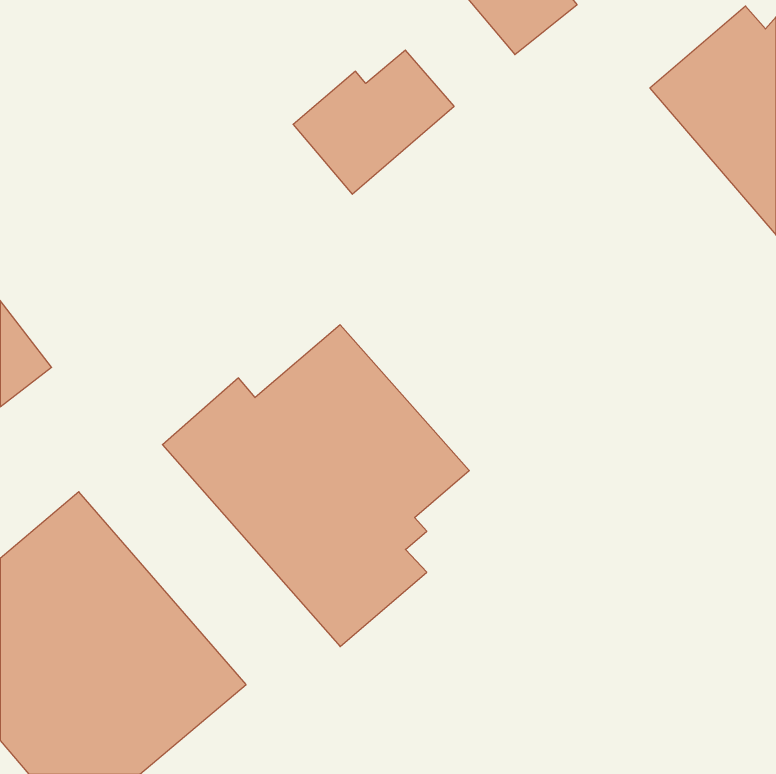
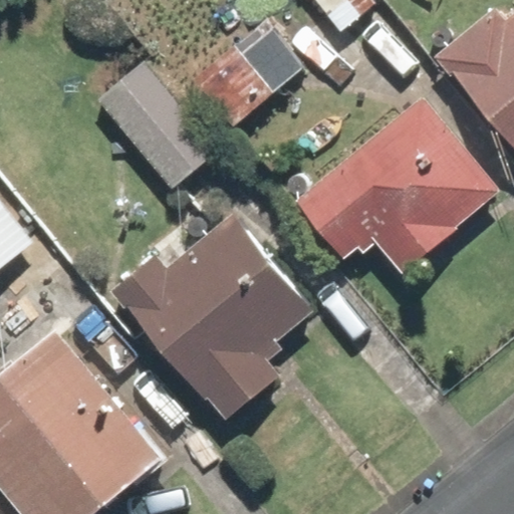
building: none -> [95,59,220,187]
building: none -> [288,91,504,279]

